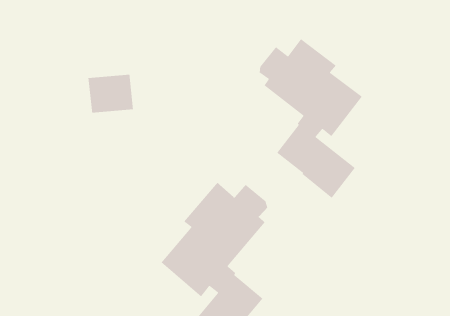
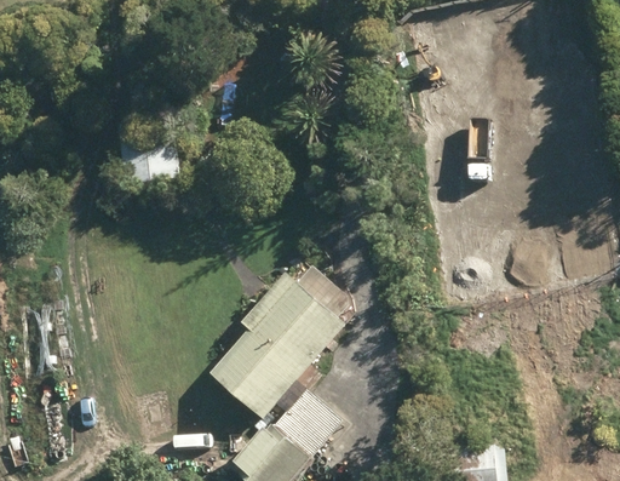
building: [259,38,363,199] -> none

